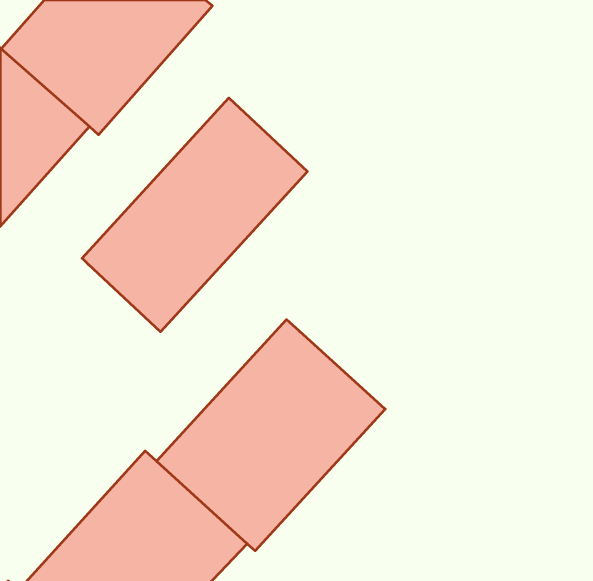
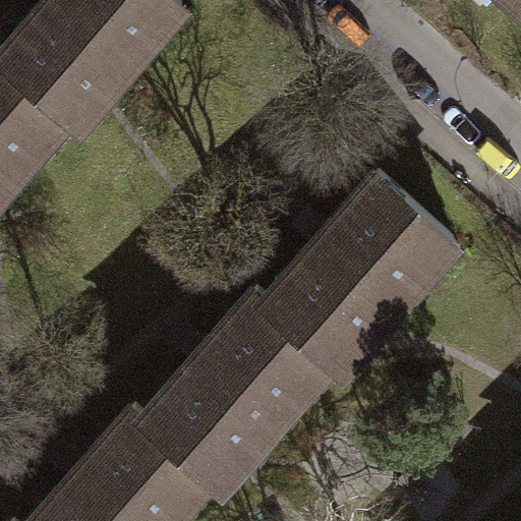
building: [82,98,307,332] -> none
building: none -> [263,174,462,378]

